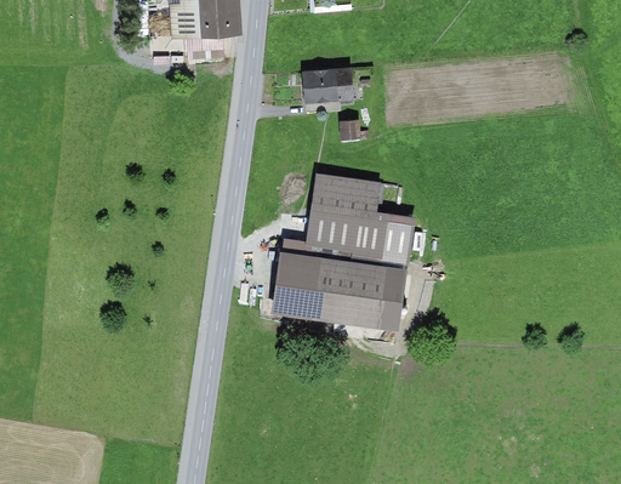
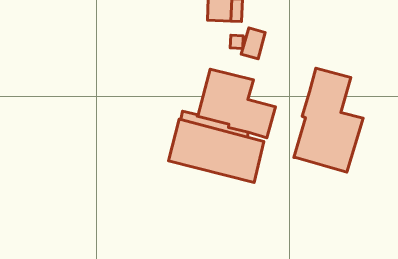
building: none -> [241,28,265,59]
building: none -> [294,68,363,172]

